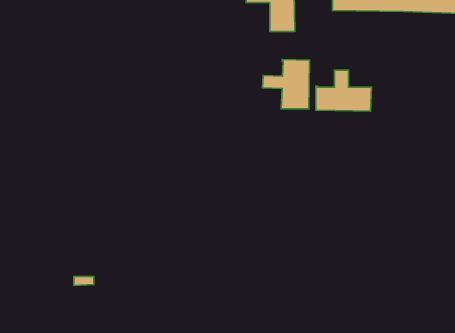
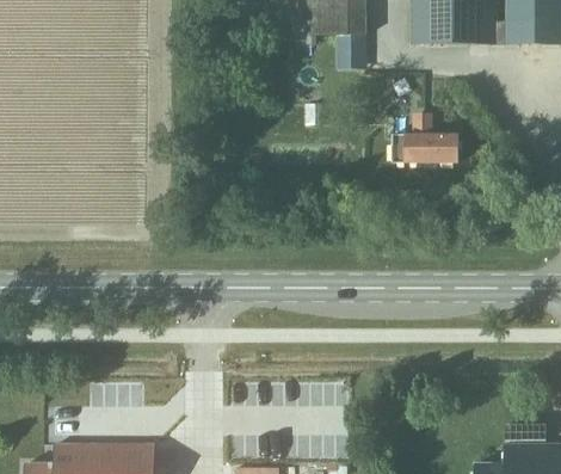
building: [263,59,310,109] -> none

